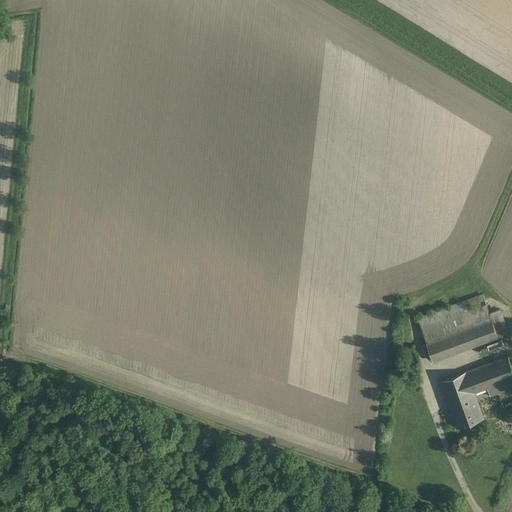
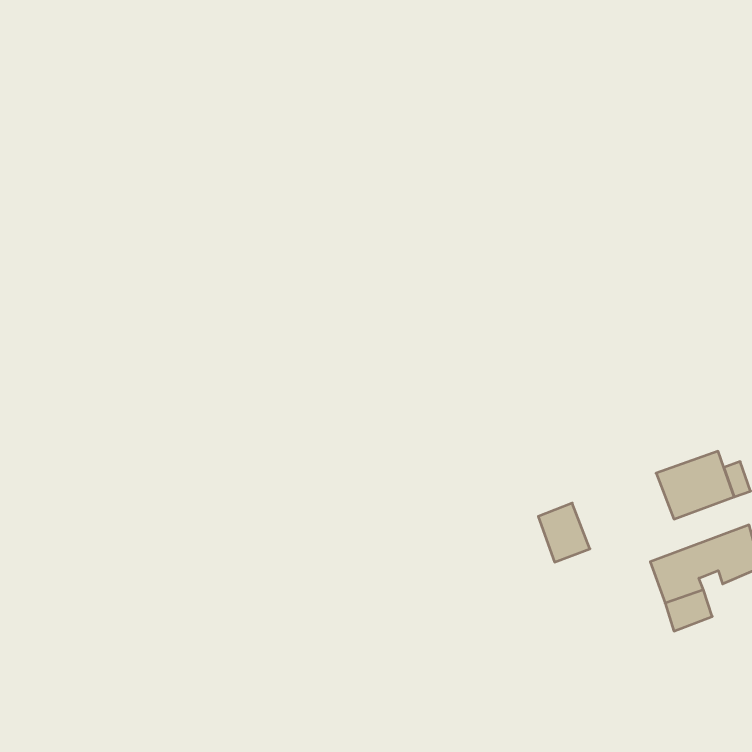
building: [423,322,458,362] -> [538,503,590,562]

